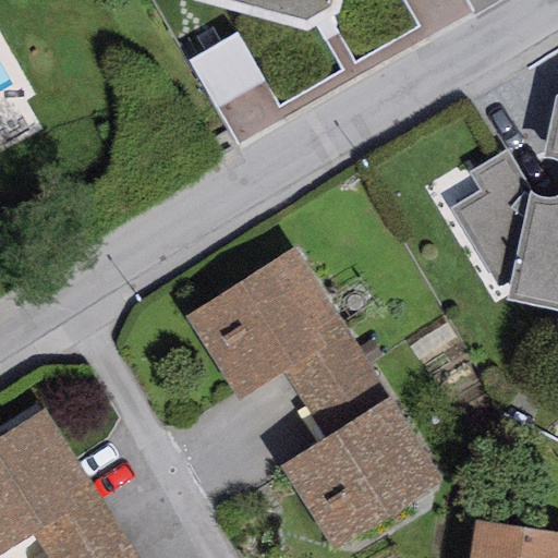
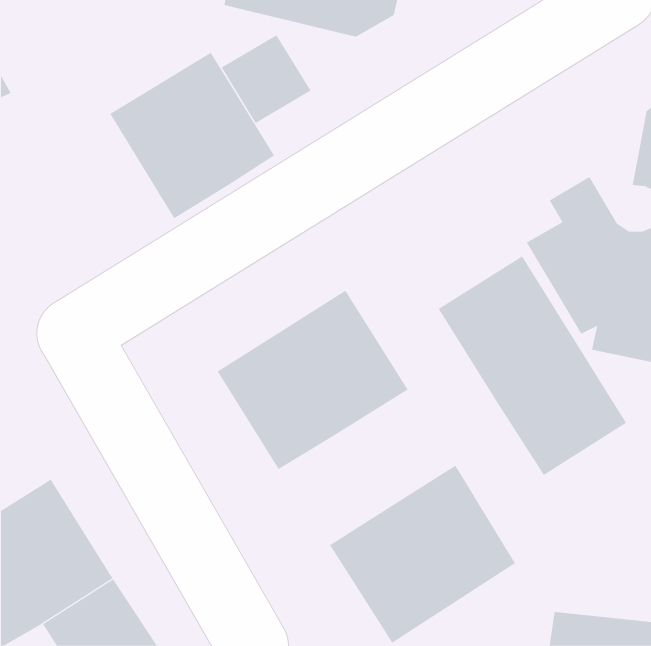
building: none -> [109,52,275,219]
building: none -> [438,255,627,476]
building: [286,332,390,437] -> none

